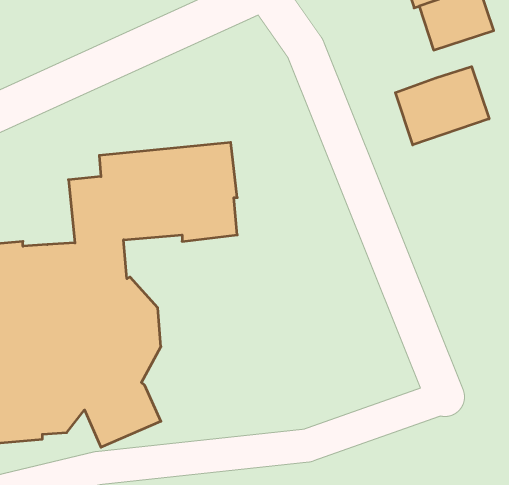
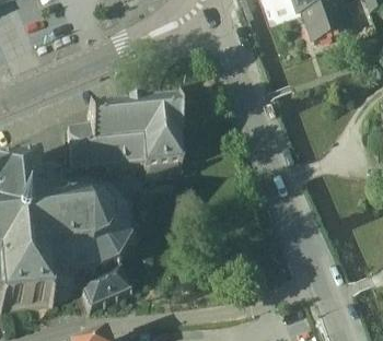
building: [395,67,489,145] -> none

